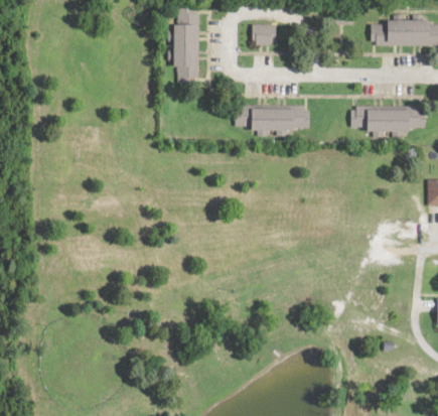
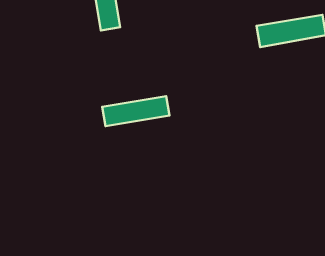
building: [235,107,308,129] -> [102,96,170,126]

